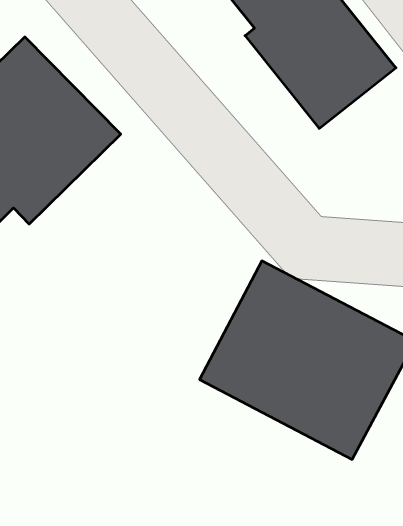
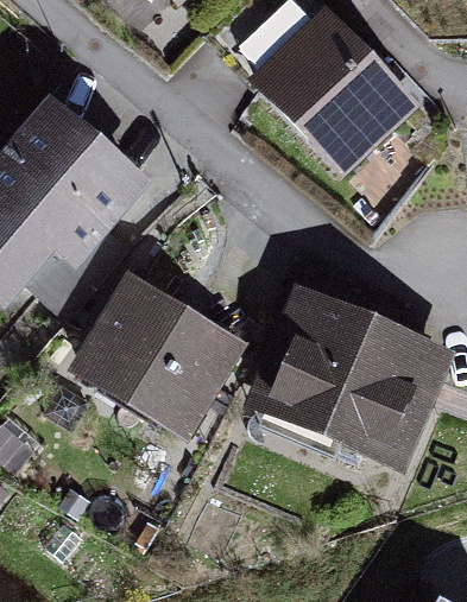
building: none -> [71,274,248,443]

